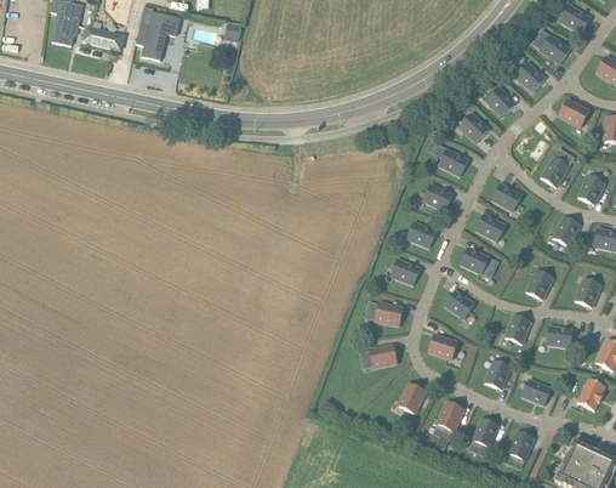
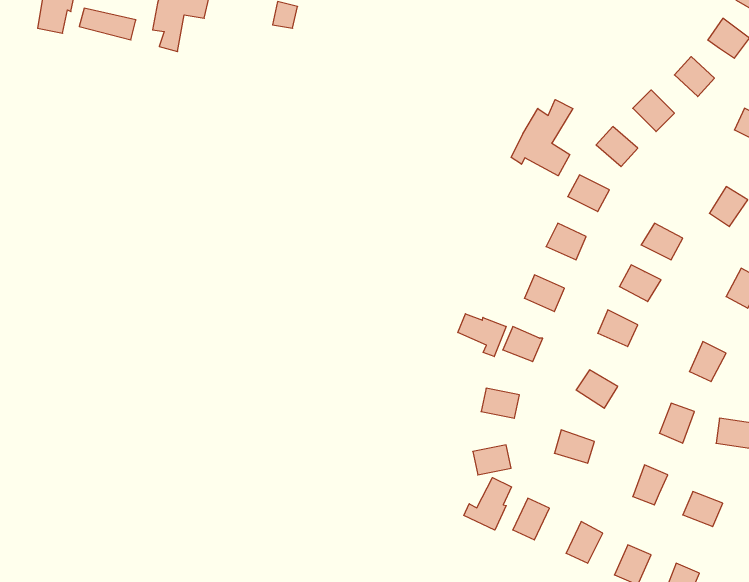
building: none -> [511,100,573,176]
building: none -> [458,314,506,357]
building: none -> [464,478,512,530]

